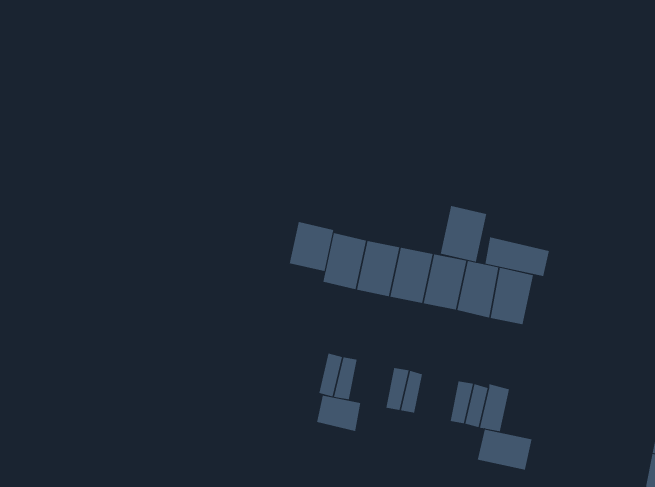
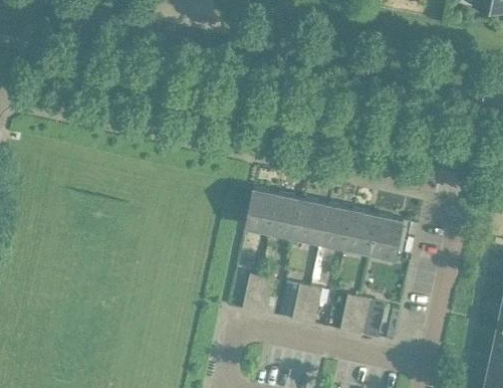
building: [440,205,487,262] -> none
building: [289,221,334,272] -> none
building: [485,236,549,277] -> none
building: [317,395,361,432] -> none
building: [477,429,532,470] -> none

